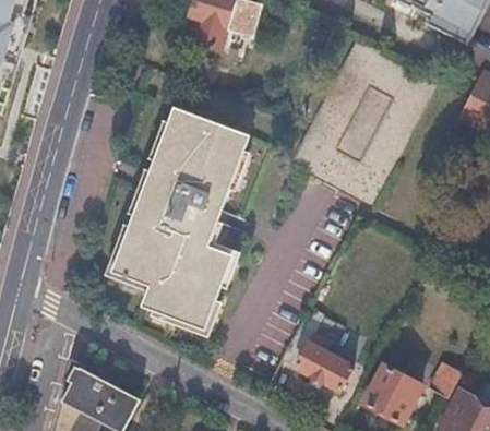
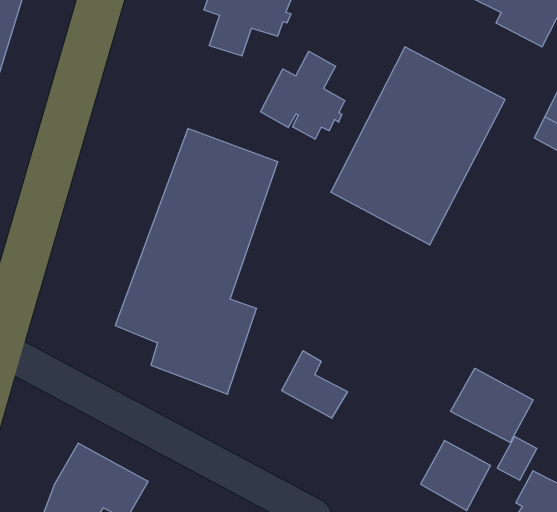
building: none -> [261,51,345,139]
building: none -> [451,368,533,442]
building: [297,334,351,390] -> [282,351,348,418]

